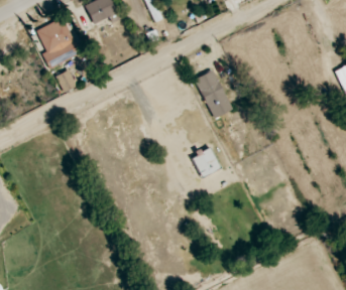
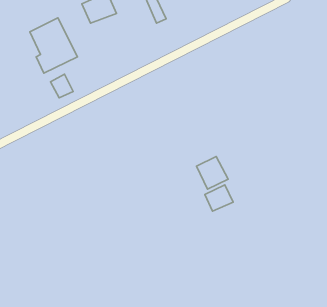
building: [196,69,231,118] -> none
building: none -> [205,185,233,211]

